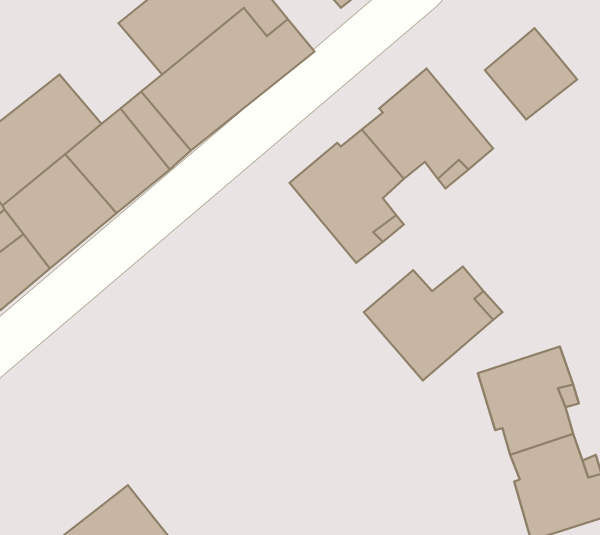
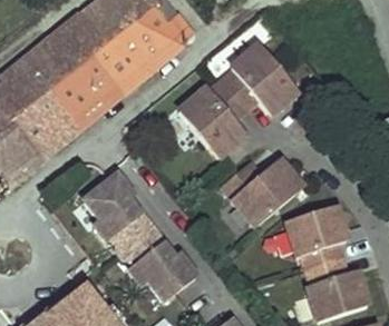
building: none -> [43,16,104,75]
building: [485,28,577,119] -> none
building: none -> [82,171,194,298]

